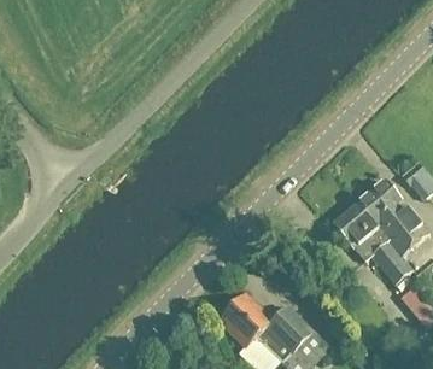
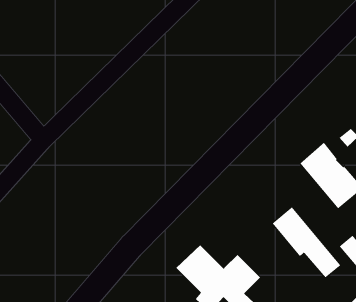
building: [334,203,412,283] -> [272,207,341,278]

